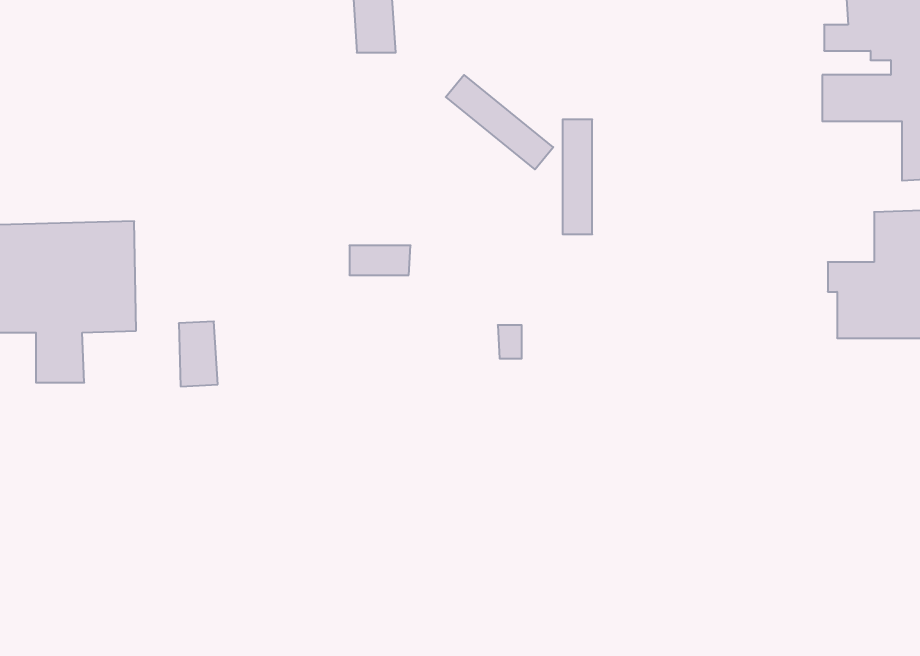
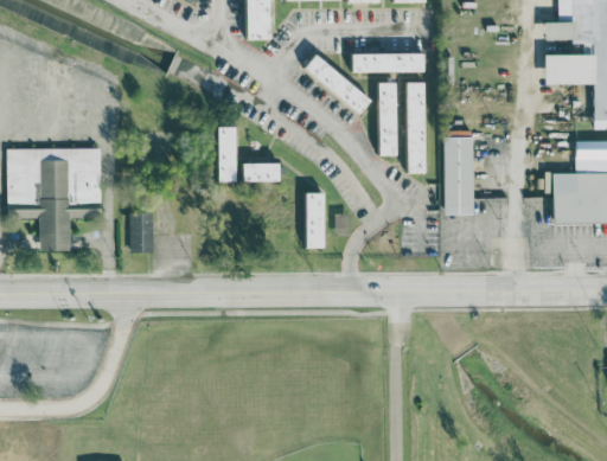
building: none -> [351,52,429,72]
building: none -> [405,82,426,173]
building: none -> [216,126,235,181]
building: none -> [445,136,475,215]
building: none -> [304,192,322,248]

